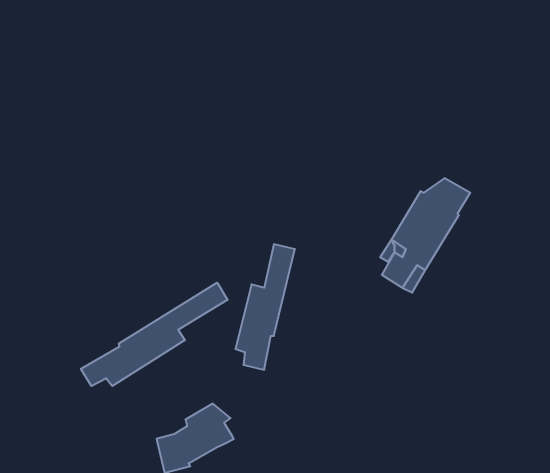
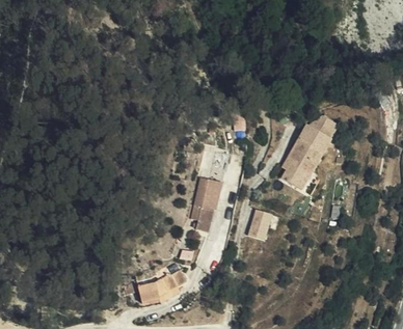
building: [81,283,228,386] -> none
building: none -> [248,205,272,237]

